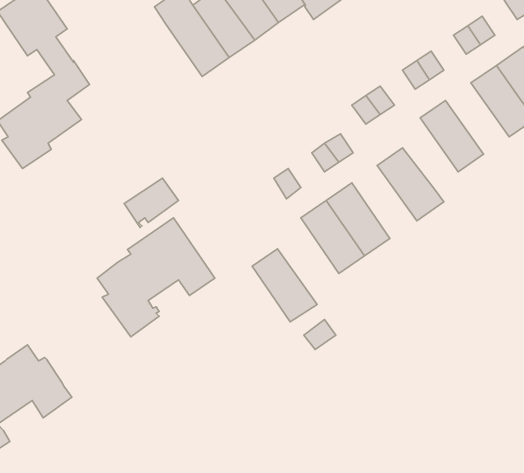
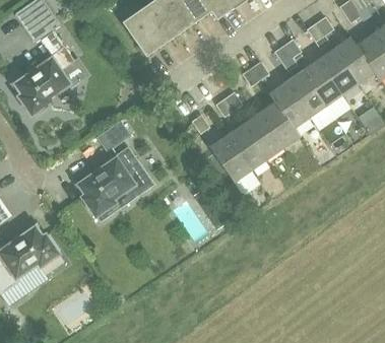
building: none -> [302,60,342,106]
building: none -> [269,82,310,128]
building: [252,249,317,322] -> [242,113,283,159]

